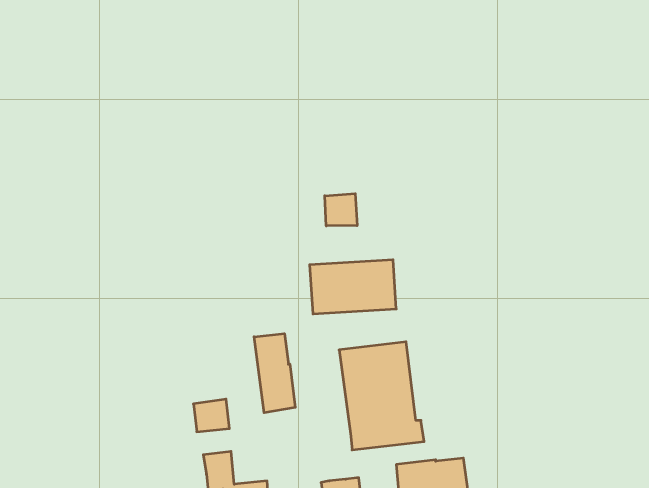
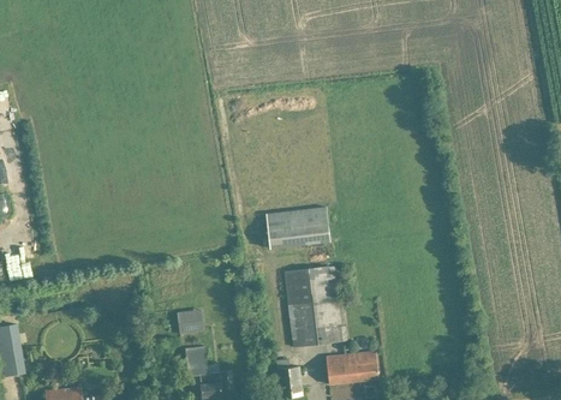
building: [325,194,357,226] -> none
building: [254,334,295,413] -> none

